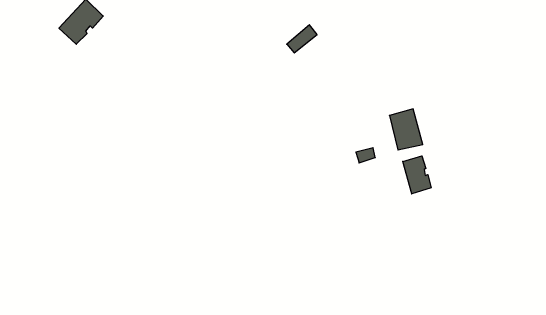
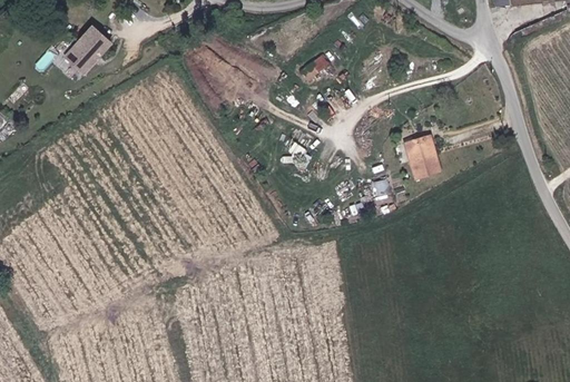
building: [403,156,431,194] -> none

